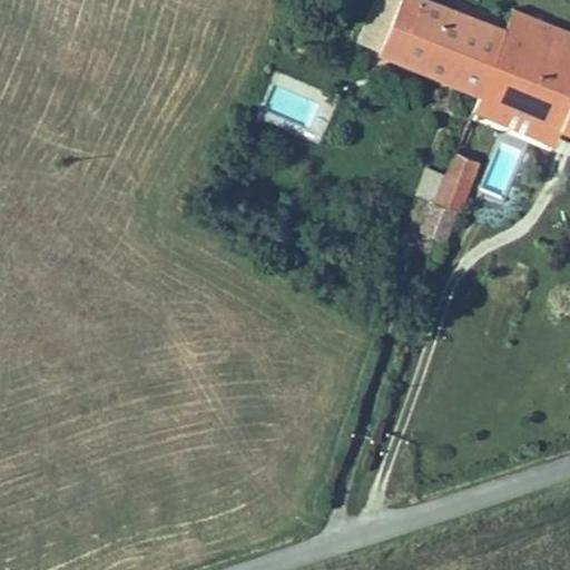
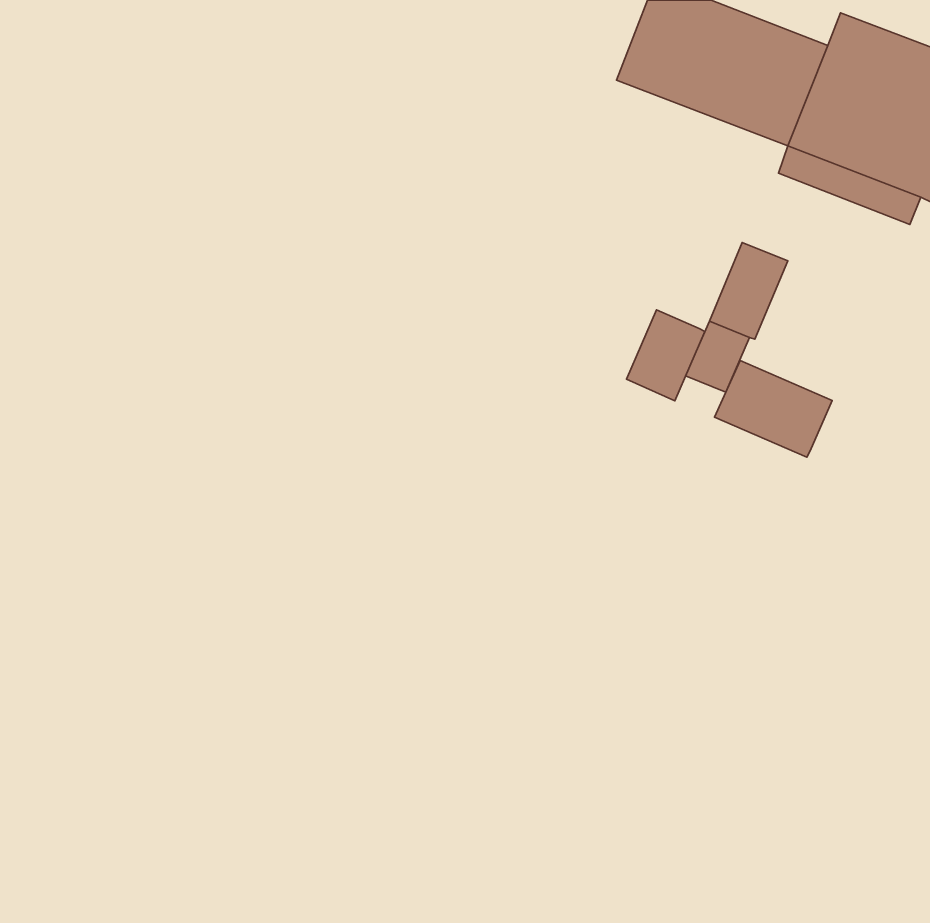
building: none -> [626,310,705,401]
building: none -> [714,361,832,457]

